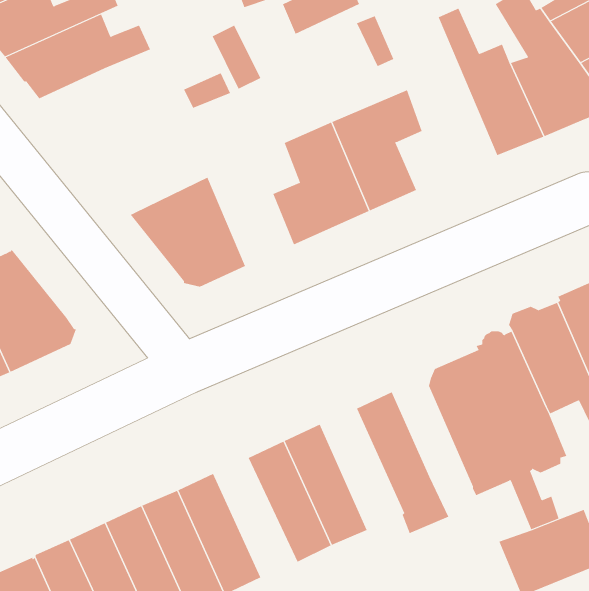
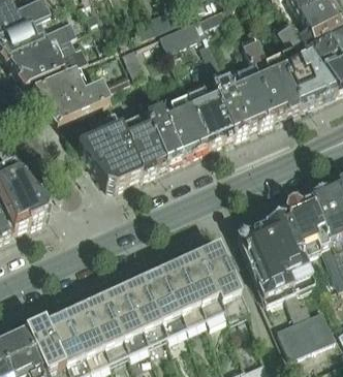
building: none -> [222,37,277,131]
building: none -> [31,68,110,121]
building: none -> [120,105,169,172]
building: none -> [181,250,226,316]
building: none -> [123,277,168,342]

